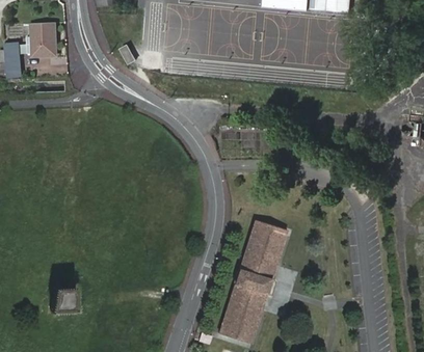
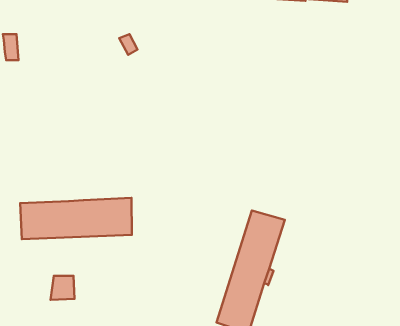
building: [30,23,55,55] -> none
building: none -> [20,198,132,239]

